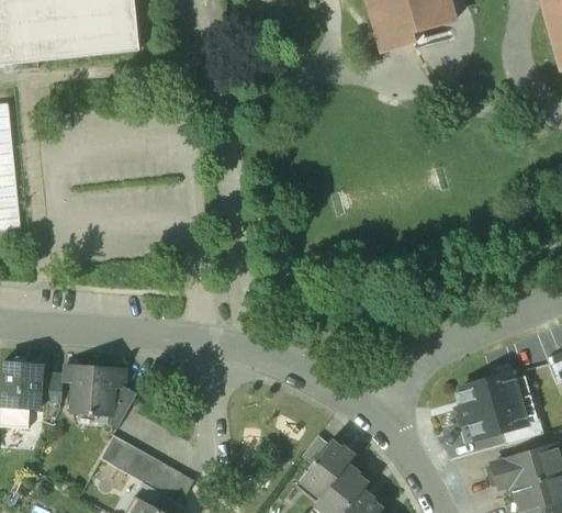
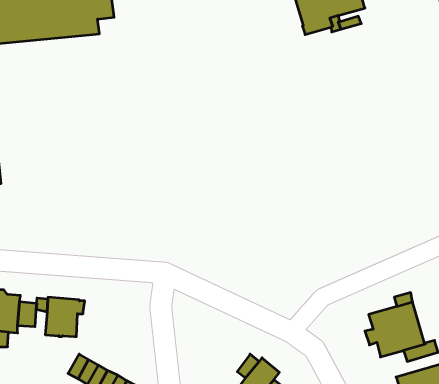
building: [108,387,136,427] -> none

